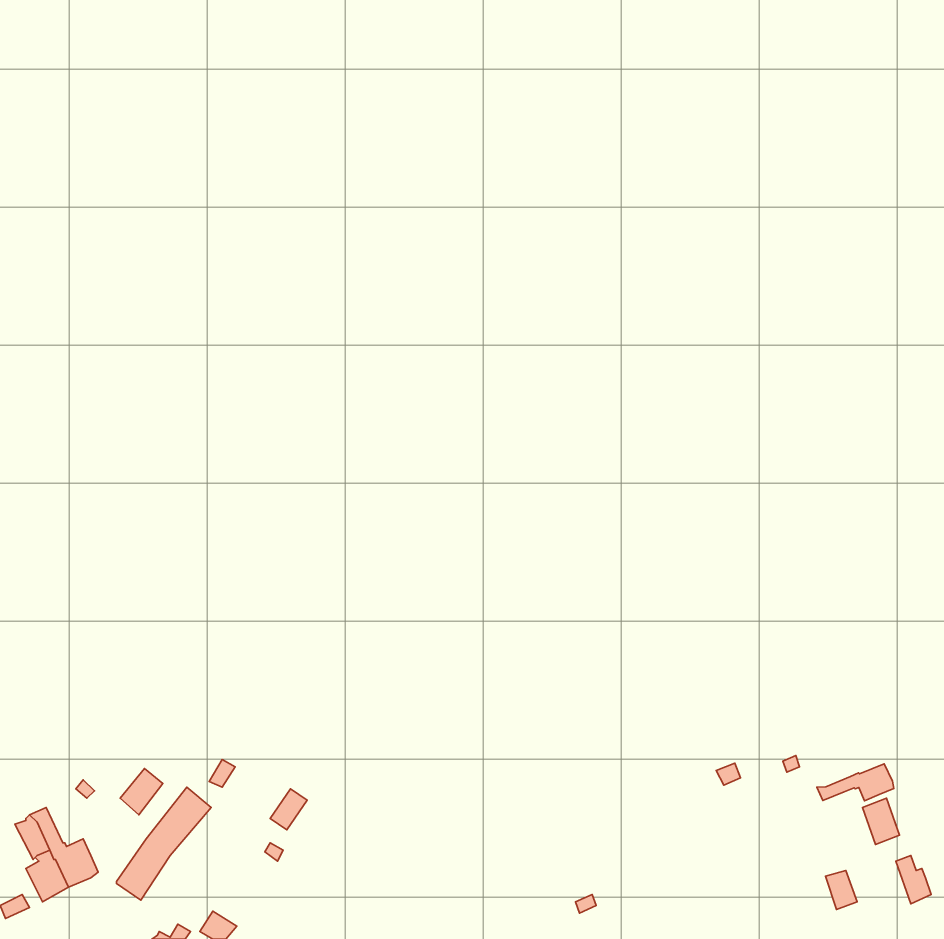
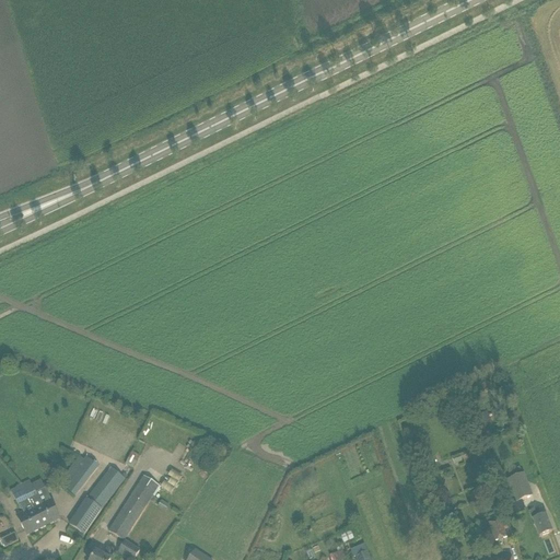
building: [817,764,894,801] -> none
building: none -> [107,472,158,538]

